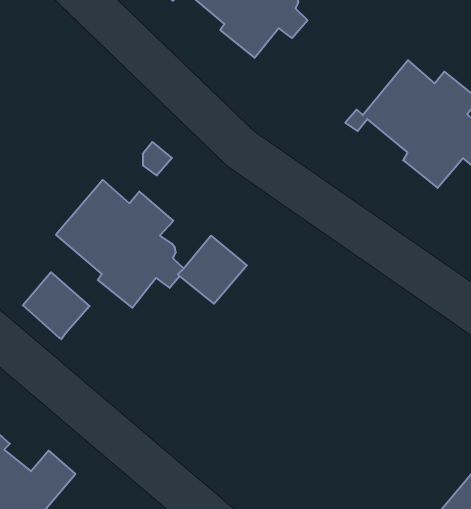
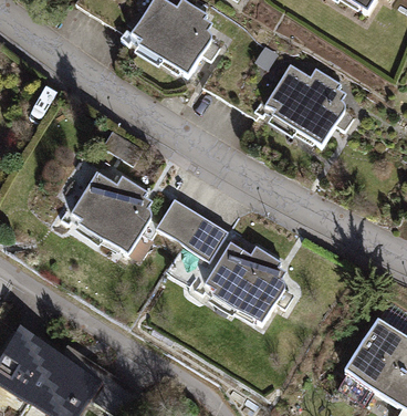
building: none -> [181,215,227,260]
building: [23,272,90,339] -> none
building: none -> [205,240,293,323]

